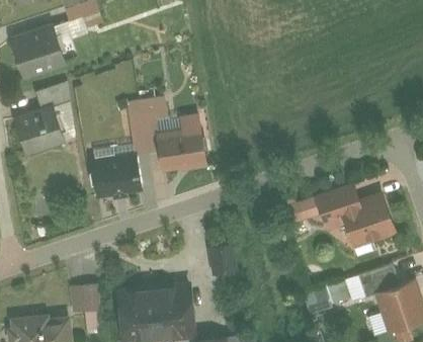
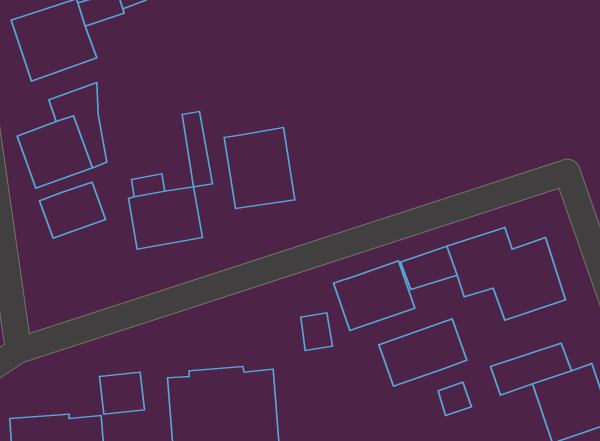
building: [140,98,169,153] -> none
building: none -> [40,182,106,238]
building: none -> [333,261,415,330]
building: none -> [379,319,467,386]

